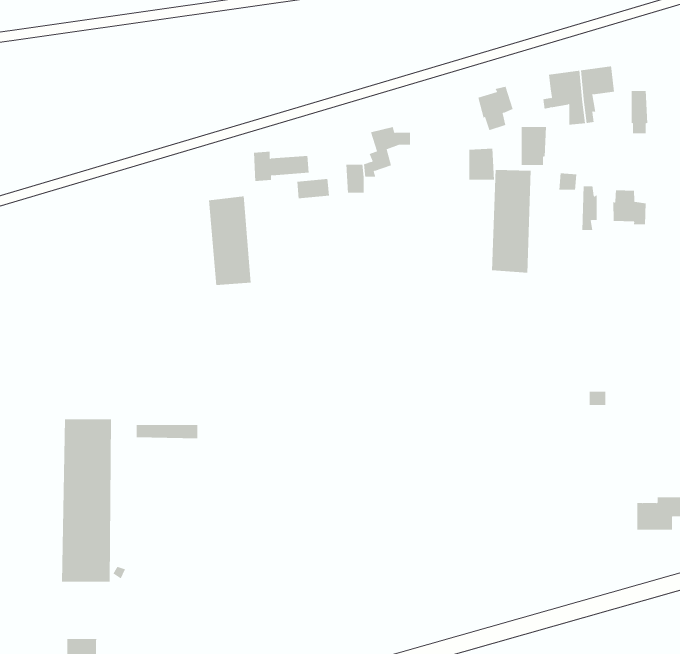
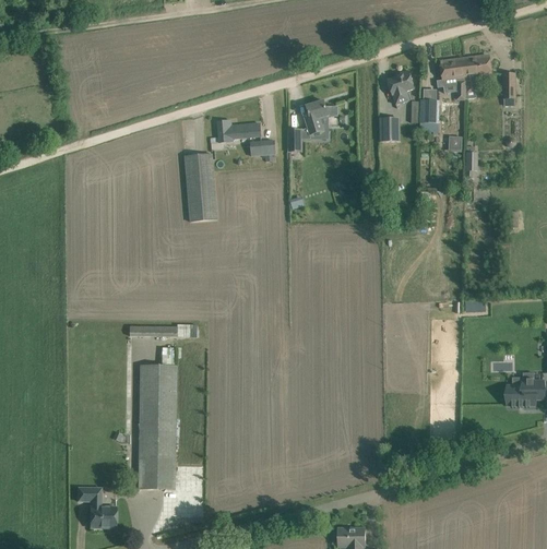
building: [492,169,531,274] -> none
building: [613,189,646,225] -> none
building: [61,419,112,582] -> [138,365,176,488]

